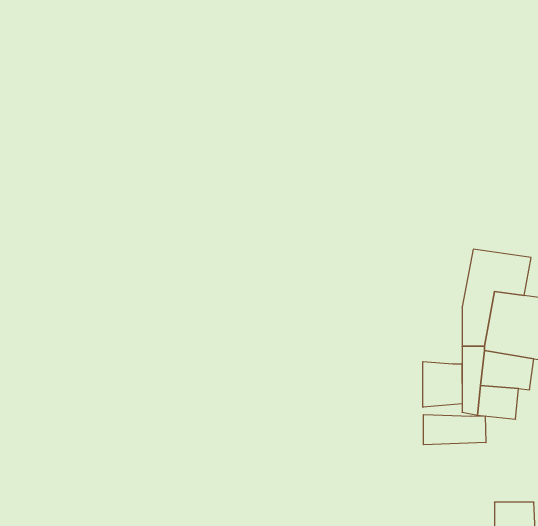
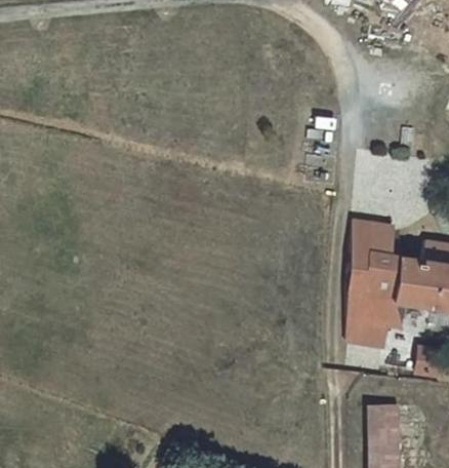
building: [423,362,462,407] -> none
building: [424,415,486,445] -> none

